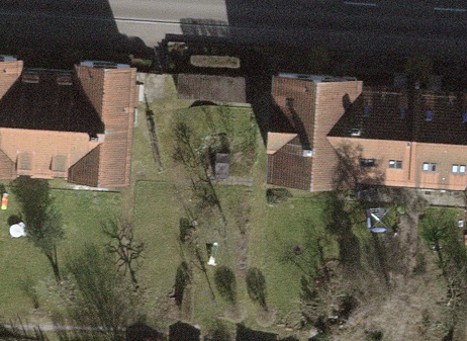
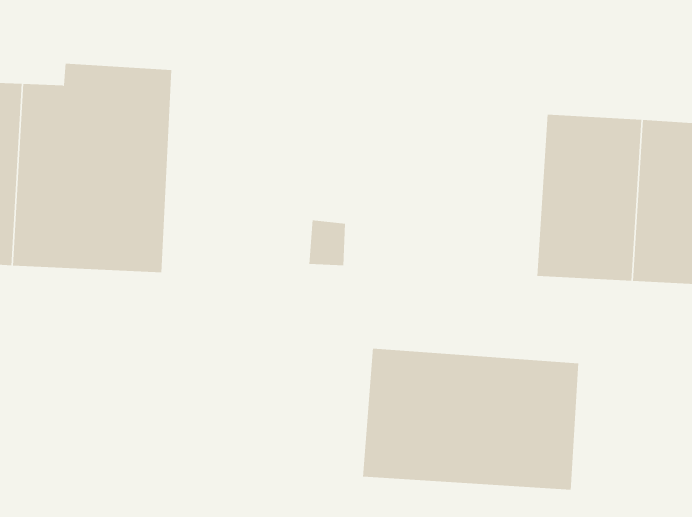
building: [264,76,360,192] -> none
building: none -> [363,348,579,490]

